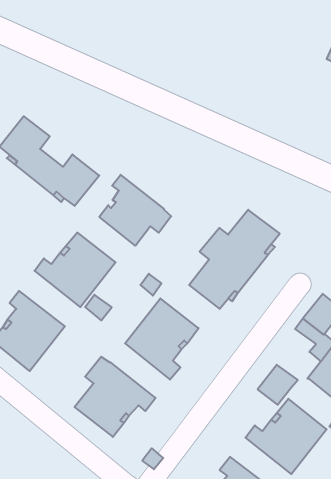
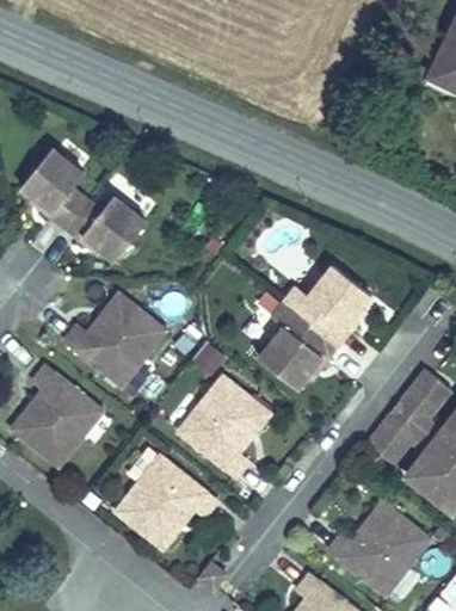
building: [99,175,171,246] -> none
building: [258,365,298,405] -> [366,413,417,463]

